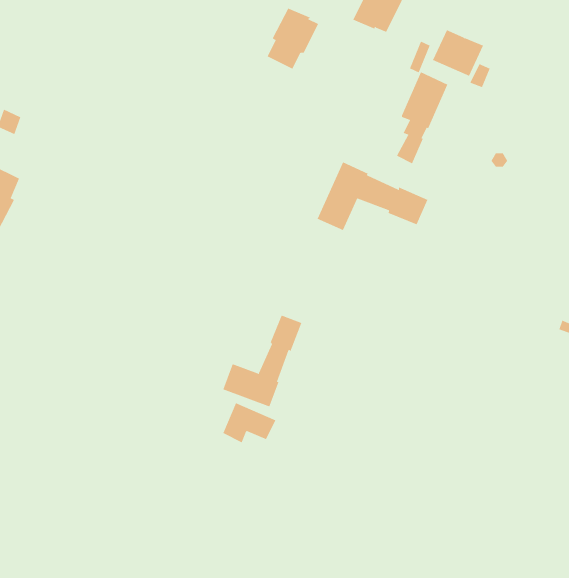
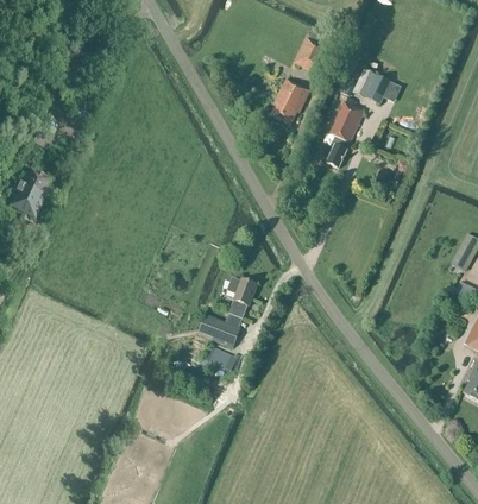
building: [267,8,319,69] -> [271,78,309,124]
building: [317,161,428,231] -> none

